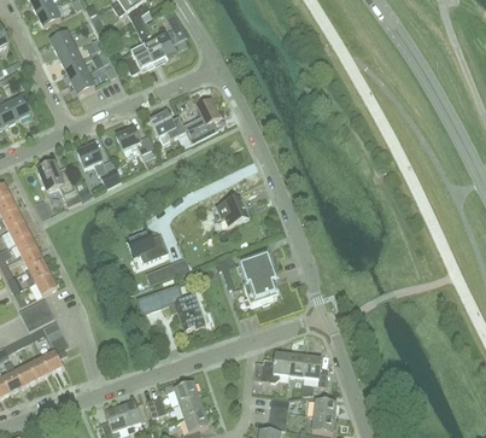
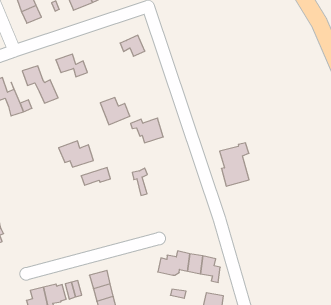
building: [150,111,186,144] -> [100,98,130,125]
building: [239,251,276,304] -> [220,143,249,186]
building: [136,282,204,328] -> none

